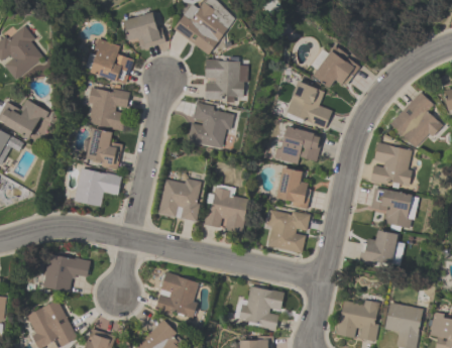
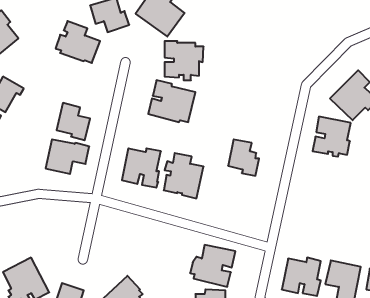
building: [311,45,360,88] -> none
building: [286,81,332,129] -> none
building: [88,86,130,131] -> none
building: [274,126,323,164] -> none
building: [371,189,419,228] -> none
building: [266,209,311,254] -> none
building: [359,231,398,266] -> none
building: [43,254,90,292] -> none
building: [155,272,200,318] -> none

